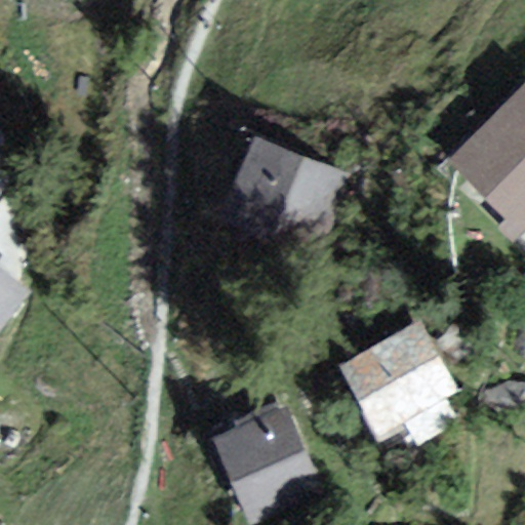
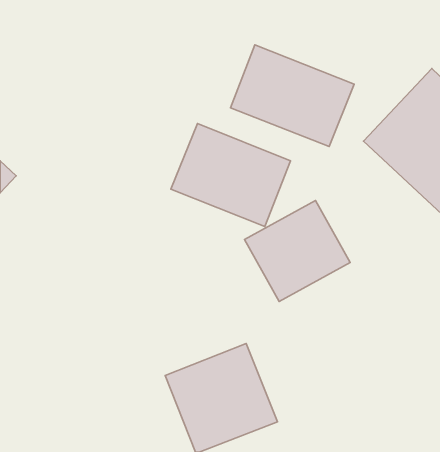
building: none -> [231,45,354,146]
building: [335,316,457,433] -> [244,200,350,302]

